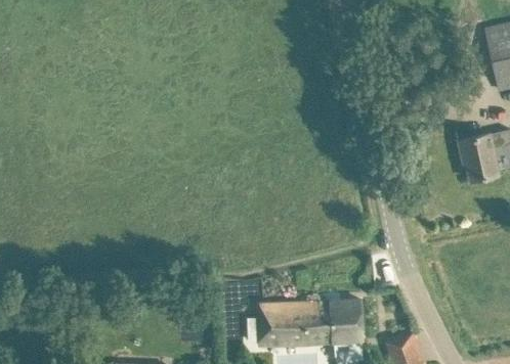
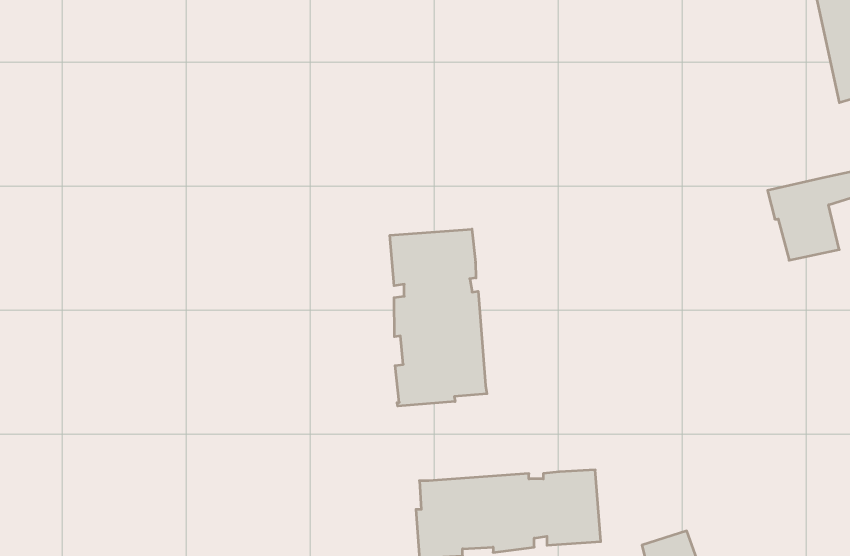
building: none -> [390,229,487,406]

